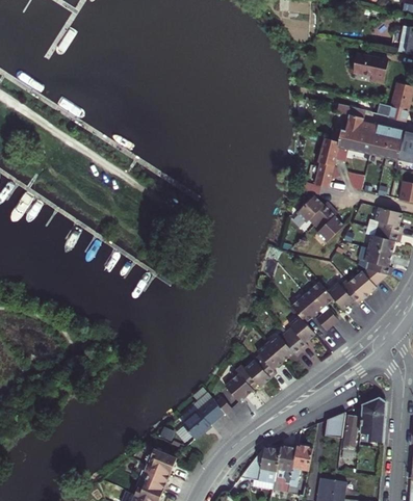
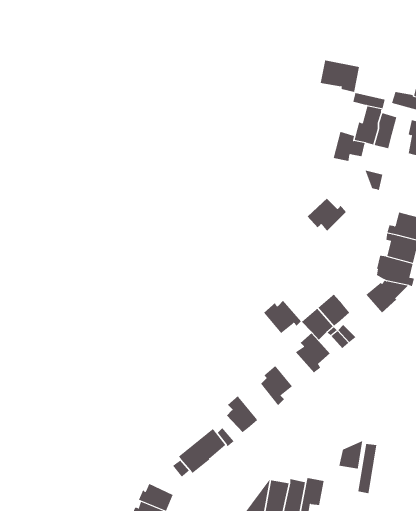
building: [352,51,387,80] -> [320,60,360,93]
building: [368,124,388,156] -> none
building: [314,160,338,186] -> none
building: [313,208,343,243] -> none
building: [328,279,362,309] -> none
building: [267,333,302,363] -> [263,300,302,334]
building: [235,361,269,391] -> none
building: [358,397,384,442] -> none

